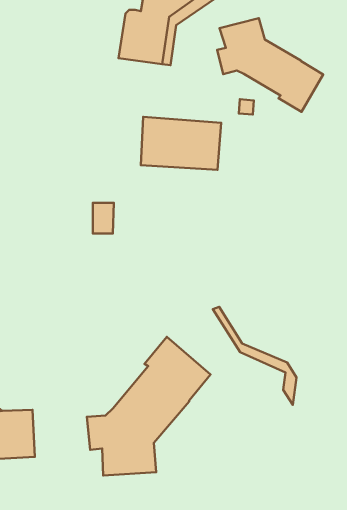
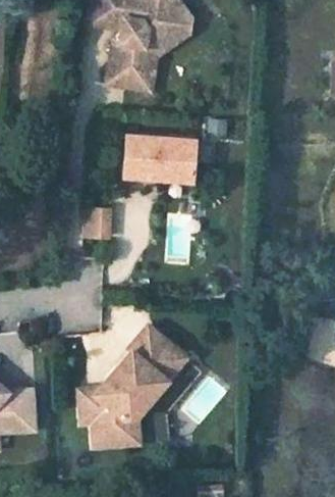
building: [217,18,323,112] -> none
building: [213,307,297,405] -> none

